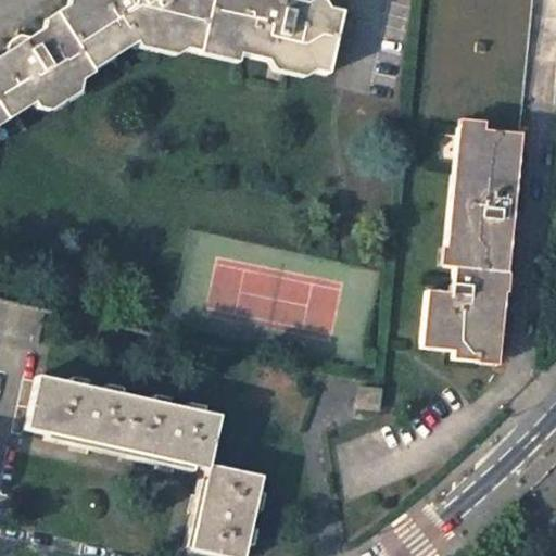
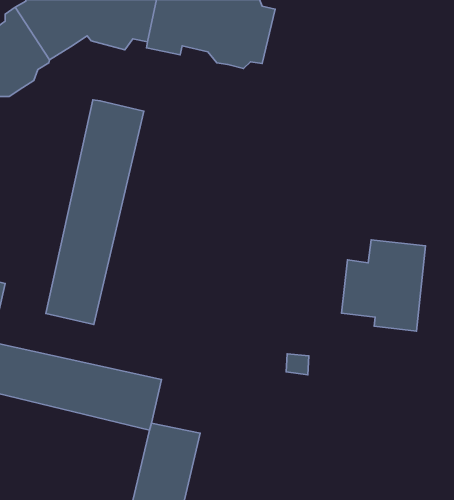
building: none -> [46,100,144,324]
building: [440,118,525,270] -> none

